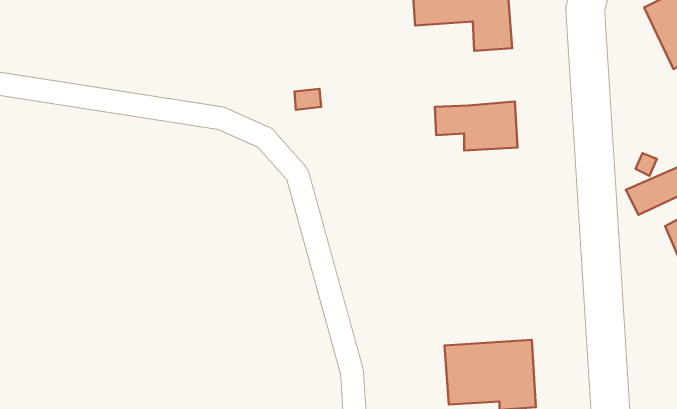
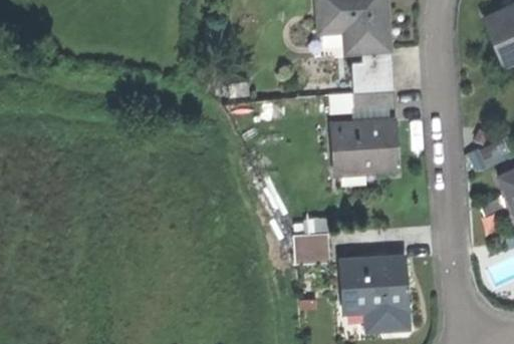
building: none -> [355,51,391,92]
building: none -> [331,122,397,173]
building: none -> [298,233,334,261]

